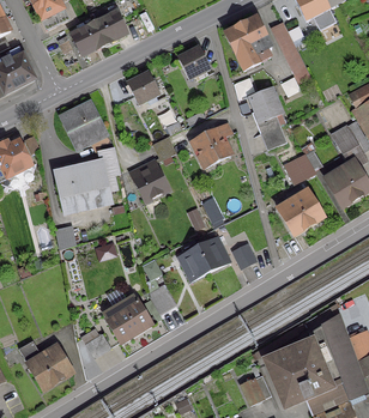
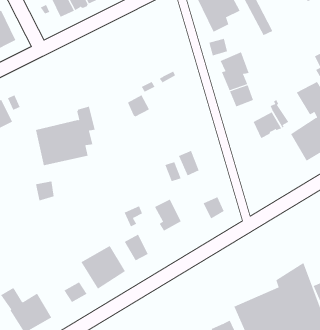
building: [177,46,208,78] -> none
building: [126,71,158,103] -> none
building: [59,101,113,152] -> none
building: [190,122,231,166] -> none
building: [128,158,168,200] -> none
building: [276,182,322,235] -> none
building: [196,237,229,269] -> none

